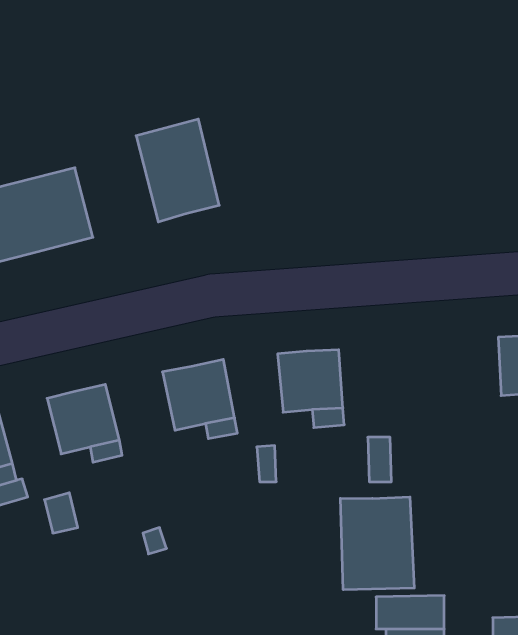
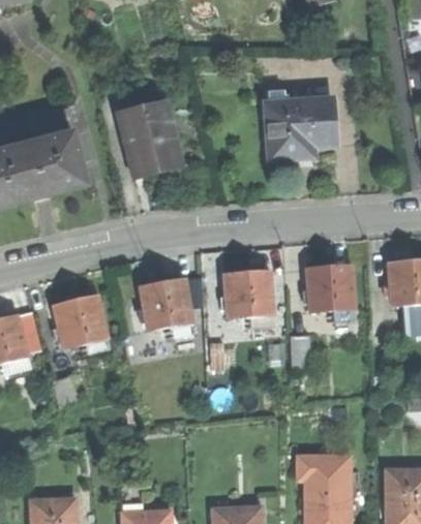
building: none -> [265,98,332,156]
building: none -> [307,263,355,310]
building: [340,497,414,590] -> none

